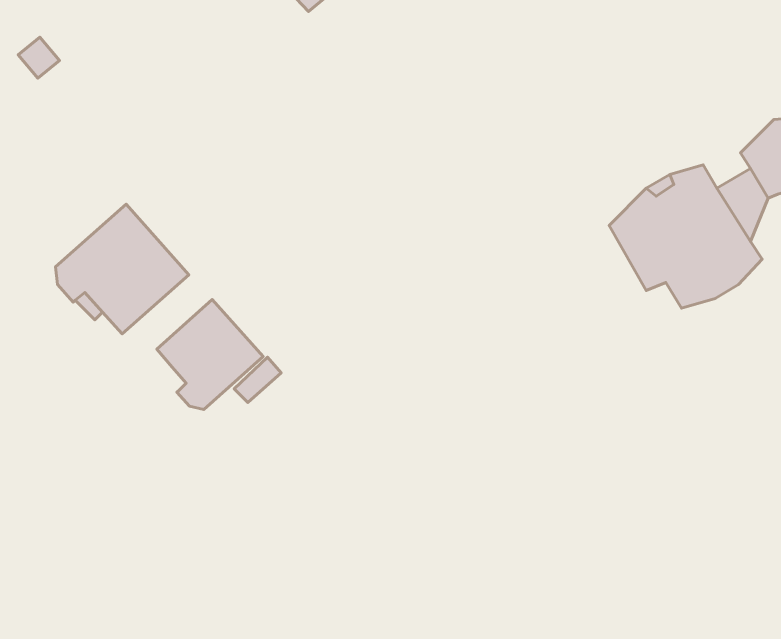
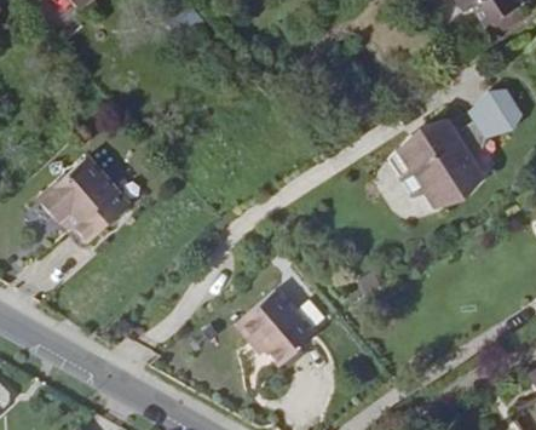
building: [157,299,263,409] -> none
building: none -> [223,293,304,369]

